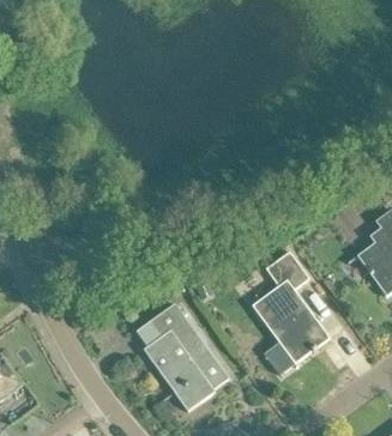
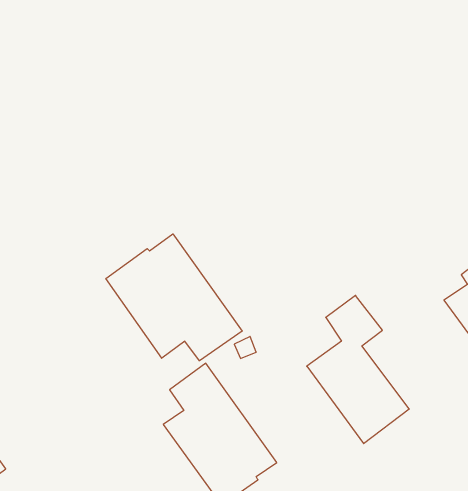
building: none -> [106,234,242,361]

